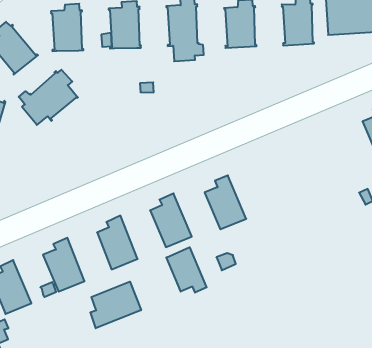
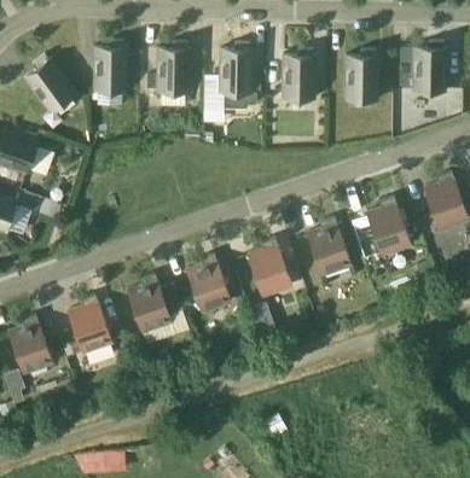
building: [19,70,78,125] -> none
building: none -> [367,198,411,256]
building: none -> [308,218,352,276]
building: [166,247,207,293] -> none
building: [90,282,141,328] -> none

